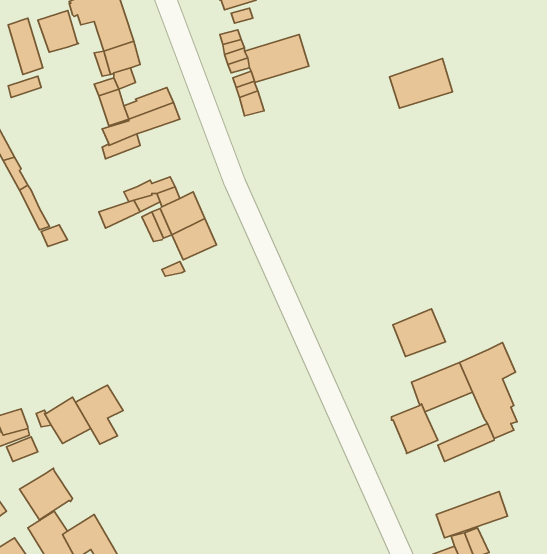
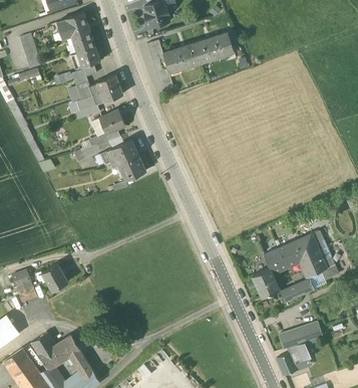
building: [38,10,78,52] -> none
building: [390,59,452,108] -> [196,32,234,62]
building: none -> [91,110,125,136]
building: [393,309,446,356] -> none
building: [75,385,123,444] -> none
building: [20,468,72,520] -> none

